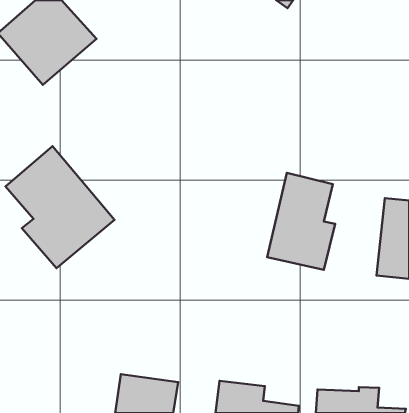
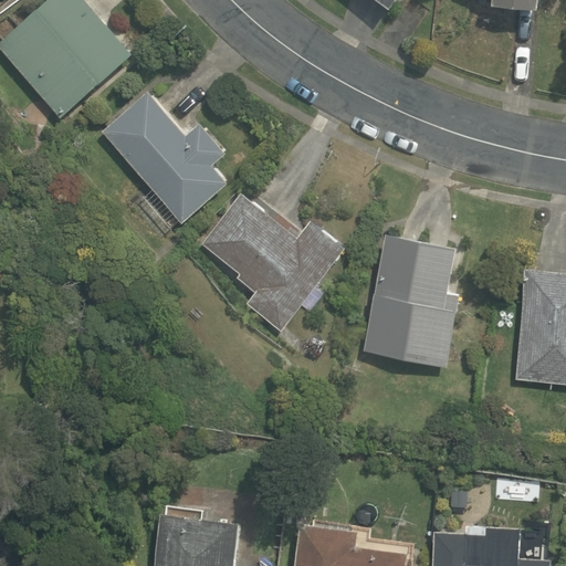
building: none -> [102,92,226,222]
building: none -> [199,191,346,331]
building: [6,146,114,268] -> none

